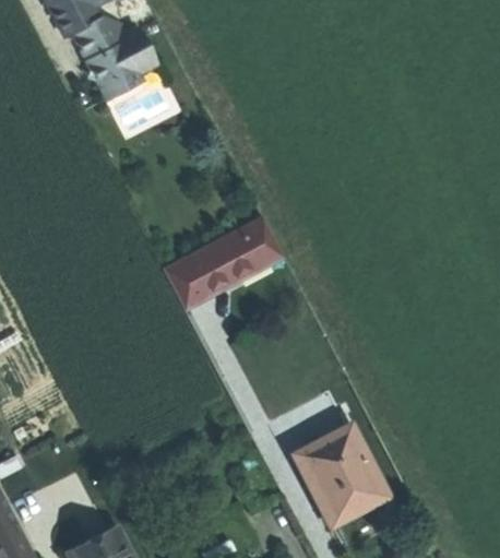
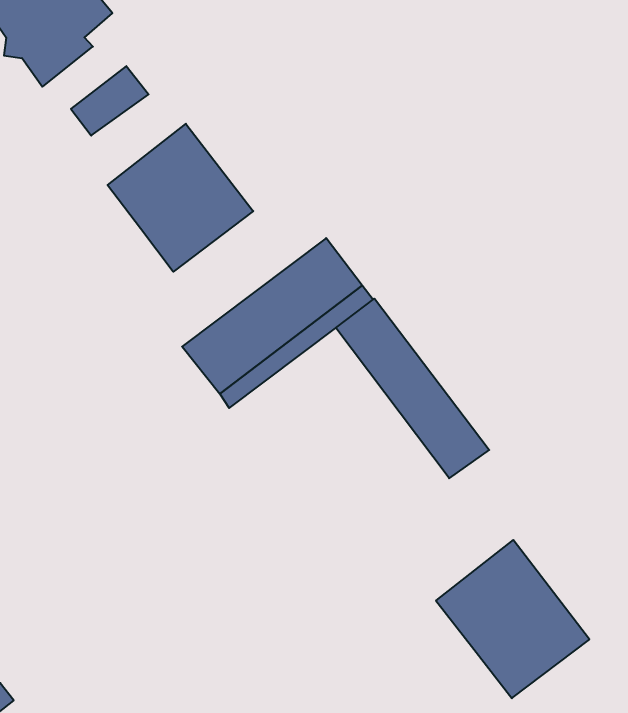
building: none -> [108,124,253,272]
building: none -> [336,299,489,478]

